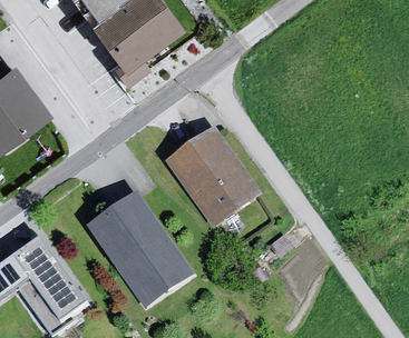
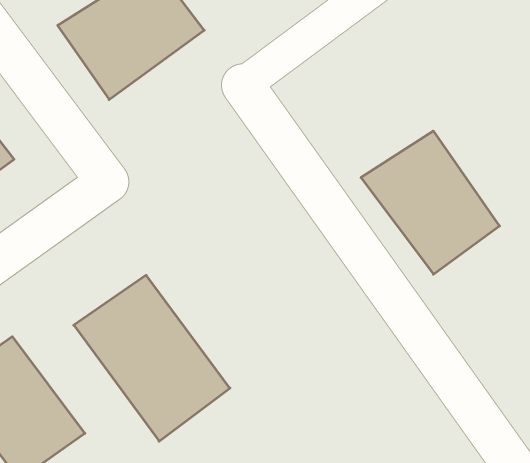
building: [167,131,263,230] -> [361,131,500,274]

